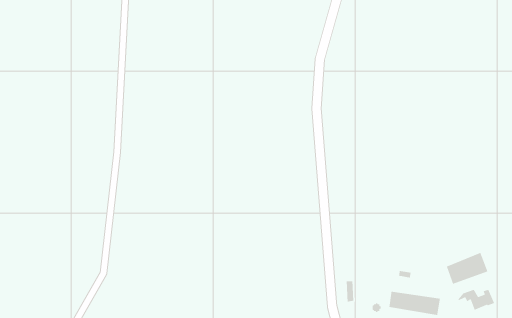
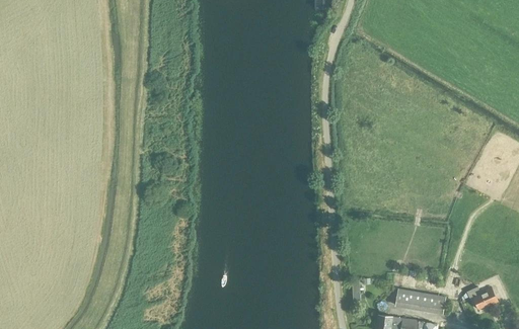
building: [446,252,488,285] -> none

